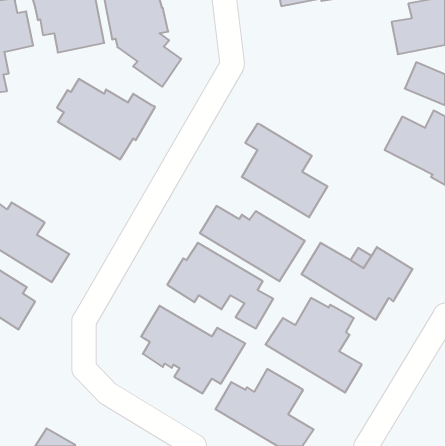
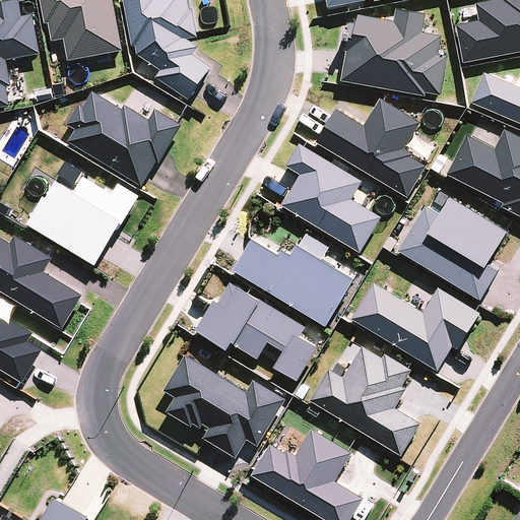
building: none -> [339,9,447,95]
building: none -> [315,98,425,198]
building: none -> [25,177,137,265]
building: none -> [397,197,506,300]

